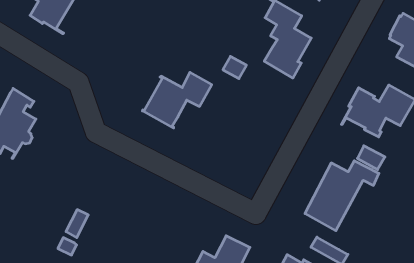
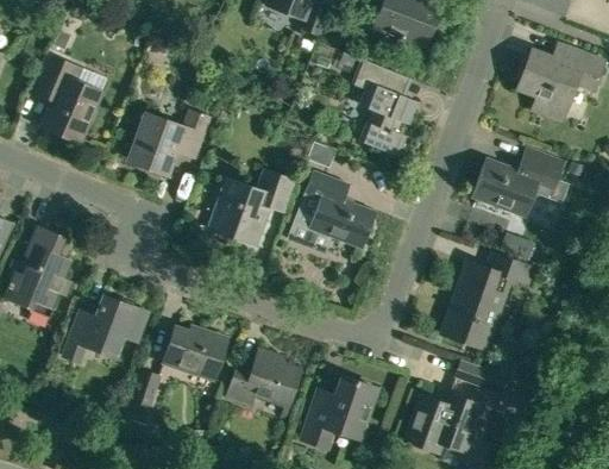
building: none -> [130,112,208,176]
building: none -> [294,173,371,257]
building: none -> [63,295,147,363]
building: none -> [162,327,227,380]
building: none -> [227,350,301,406]

